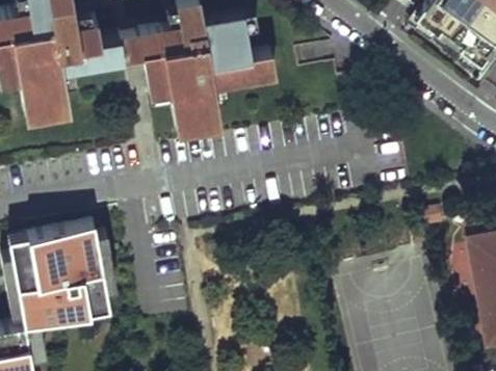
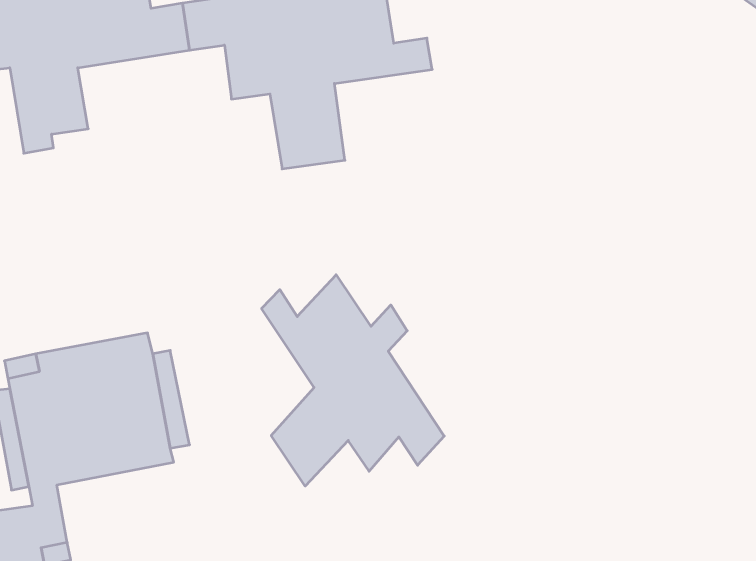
building: none -> [262,275,444,486]

